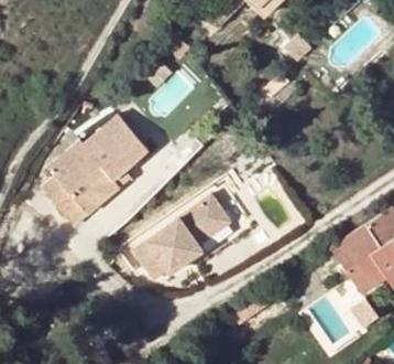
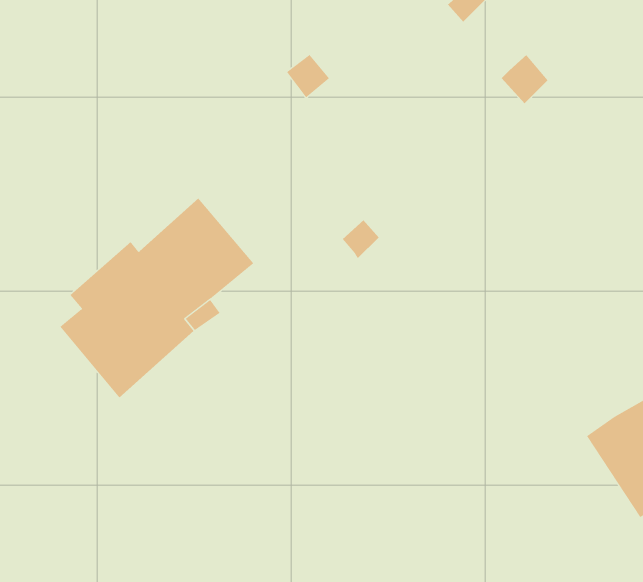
building: [133,194,231,280] -> none

